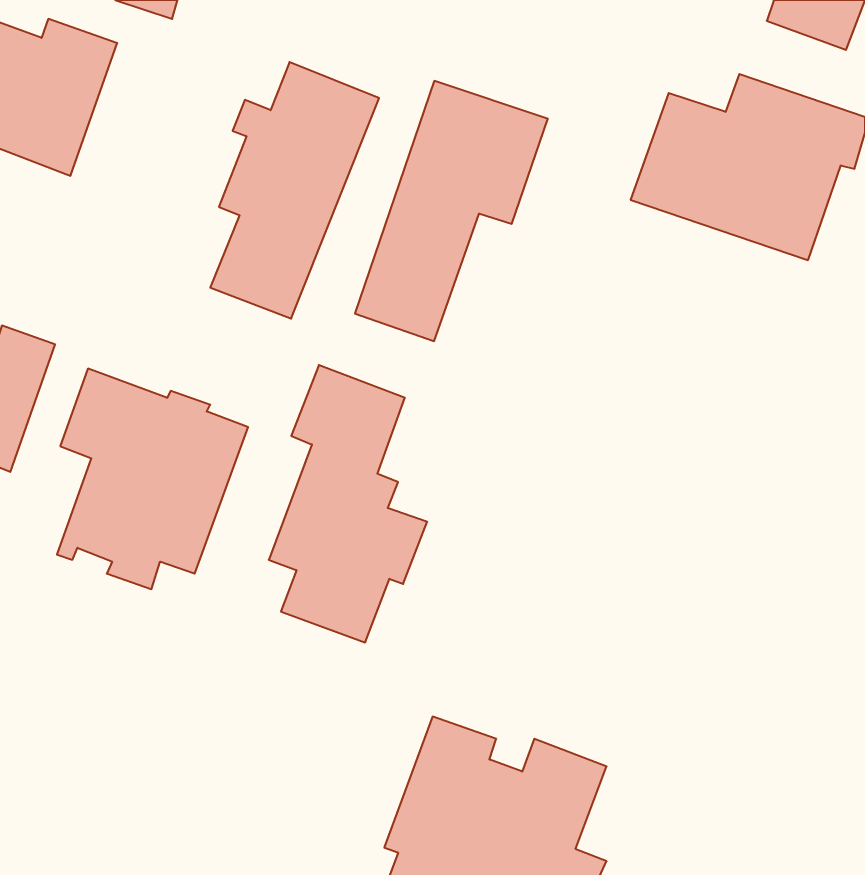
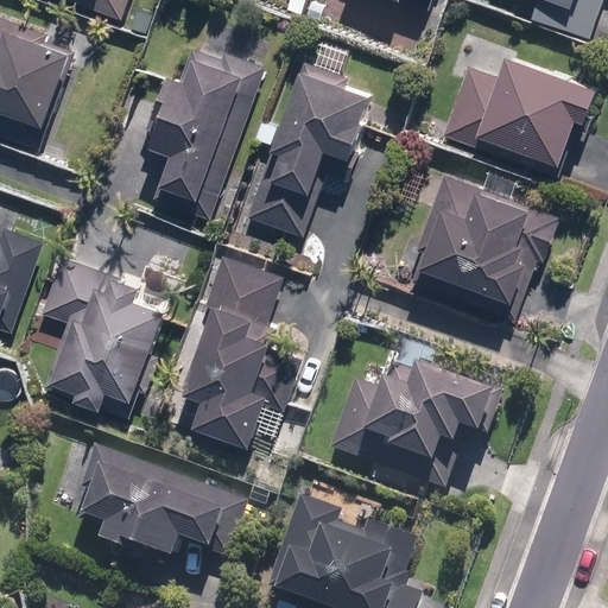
building: none -> [408,167,560,318]
building: none -> [327,357,505,495]
building: none -> [78,444,245,562]

